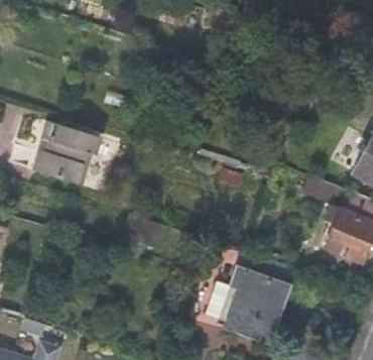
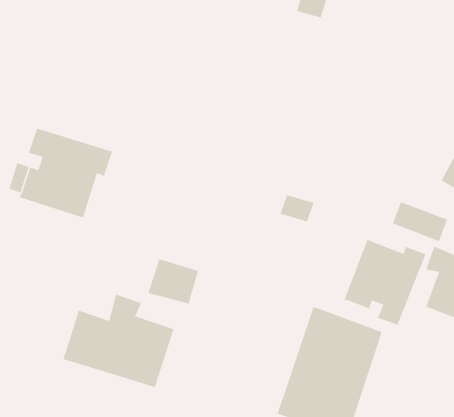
building: none -> [344,239,426,326]
building: none -> [63,294,174,388]

